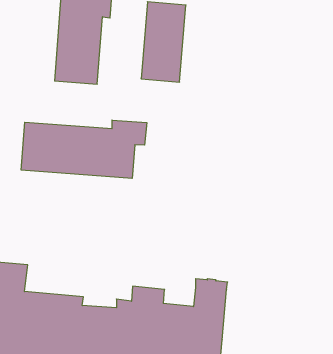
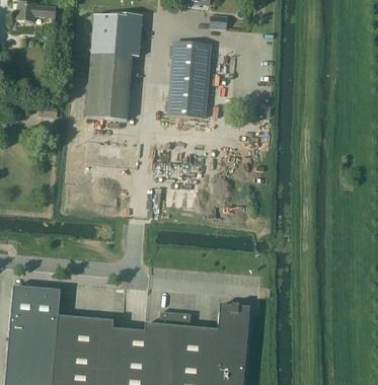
building: [21,120,147,178] -> none

